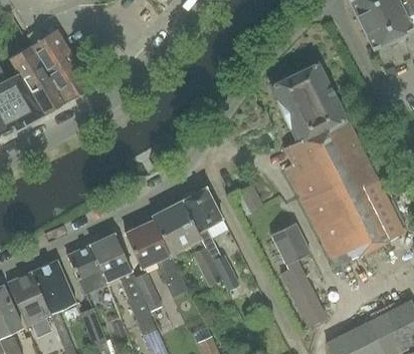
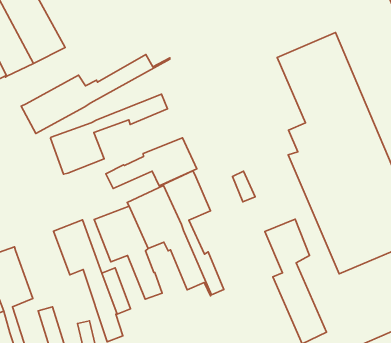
building: none -> [21,55,170,133]
building: none -> [50,94,167,174]
building: none -> [106,138,197,188]
building: [67,244,107,294] -> none

